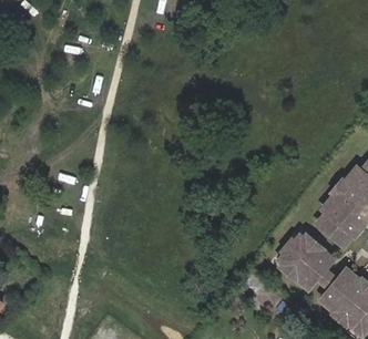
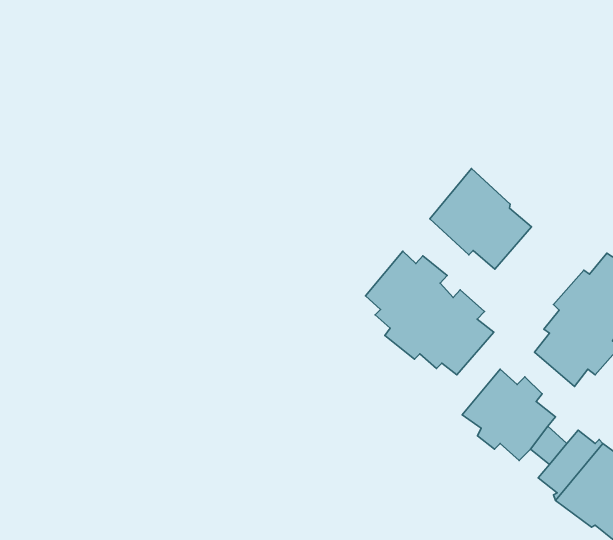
building: none -> [430,168,531,269]
building: none -> [366,251,494,375]

